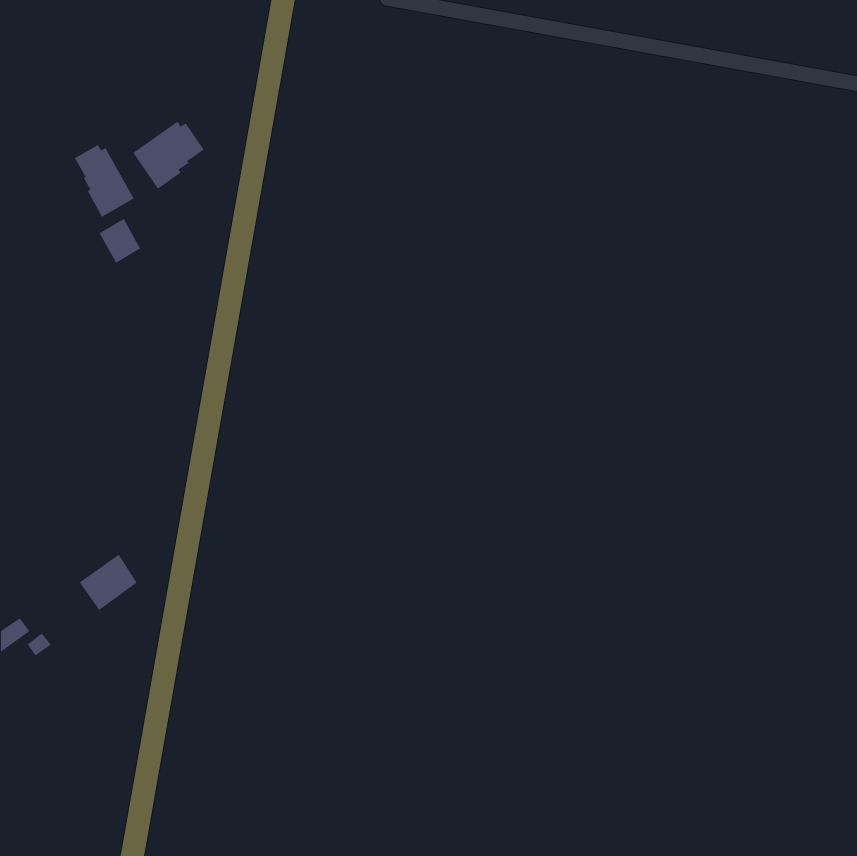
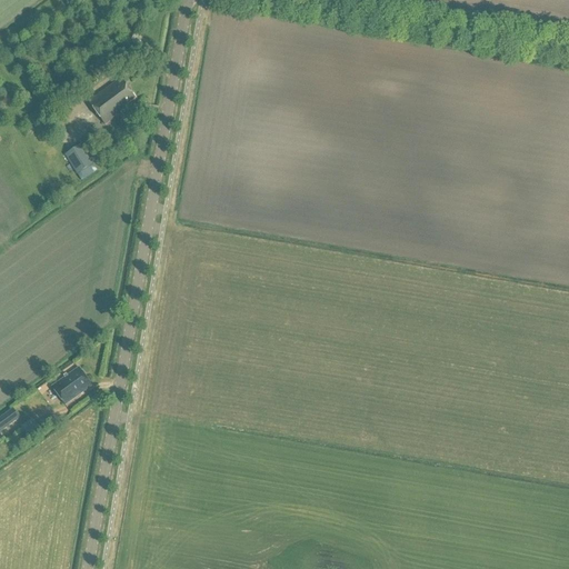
building: [74,144,134,218] -> none

